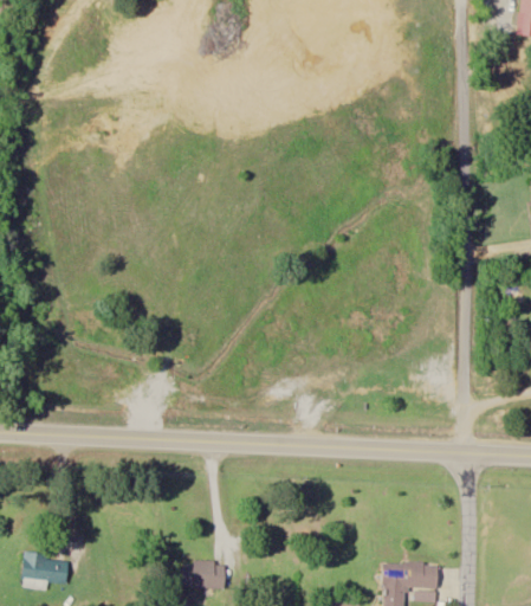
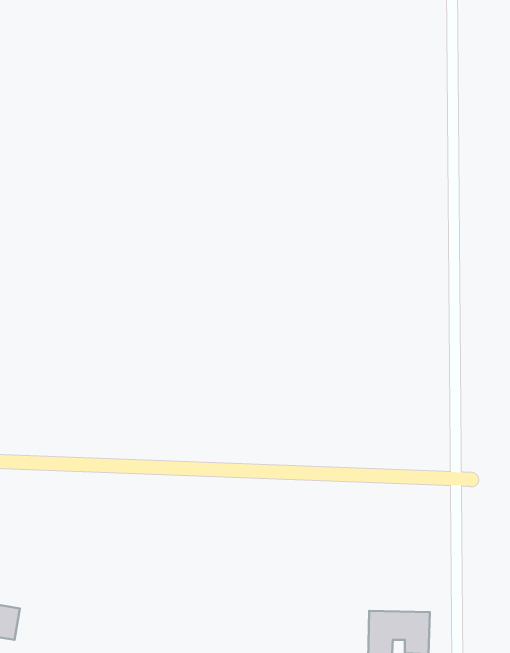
building: [182,560,224,588] -> none

